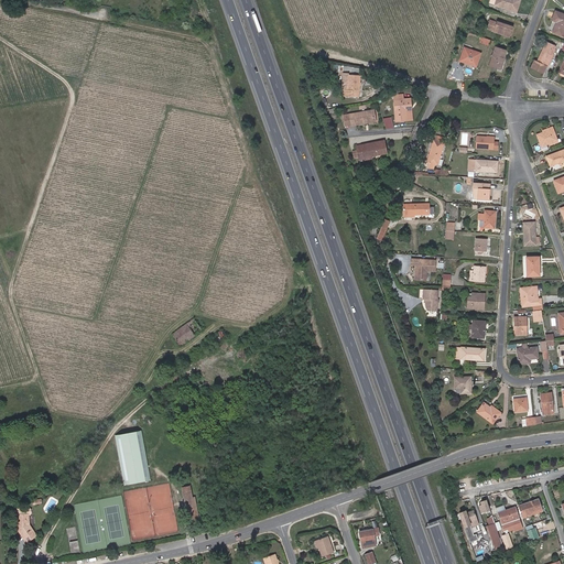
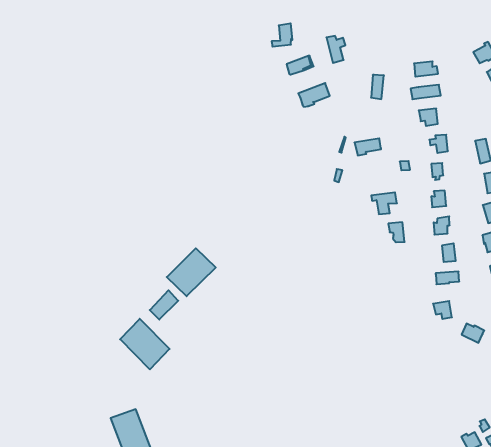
building: none -> [167,248,216,296]
building: none -> [120,319,170,369]

